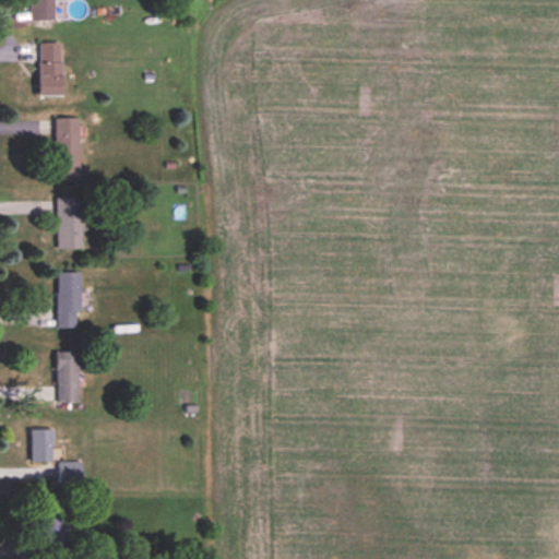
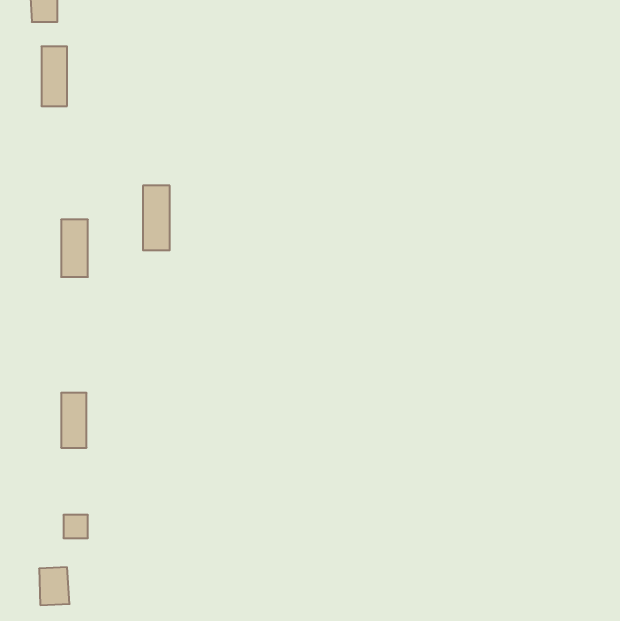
building: [57,118,81,176] -> [143,186,170,250]
building: [58,272,81,328] -> none
building: [33,428,55,461] -> none

